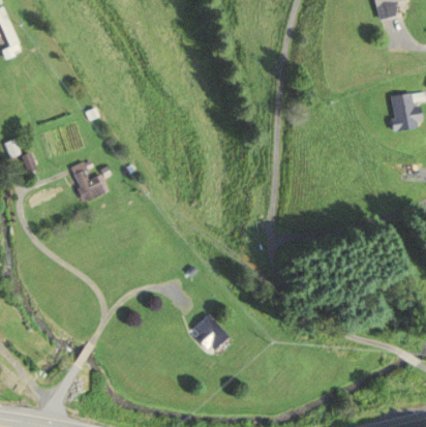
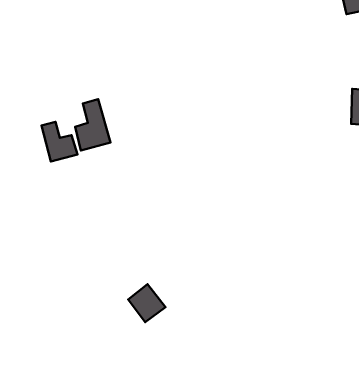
building: none -> [75,99,110,151]

